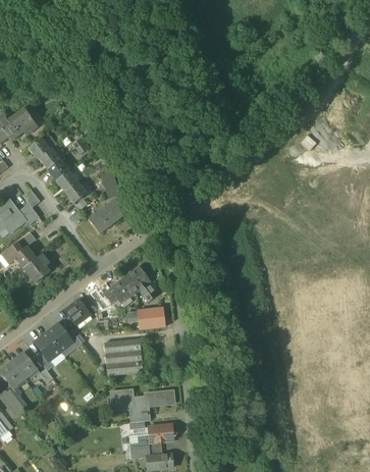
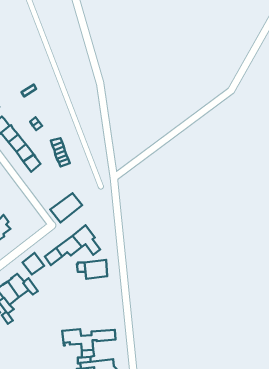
building: [88,199,125,233] -> [50,193,82,223]
building: [105,338,143,376] -> none

